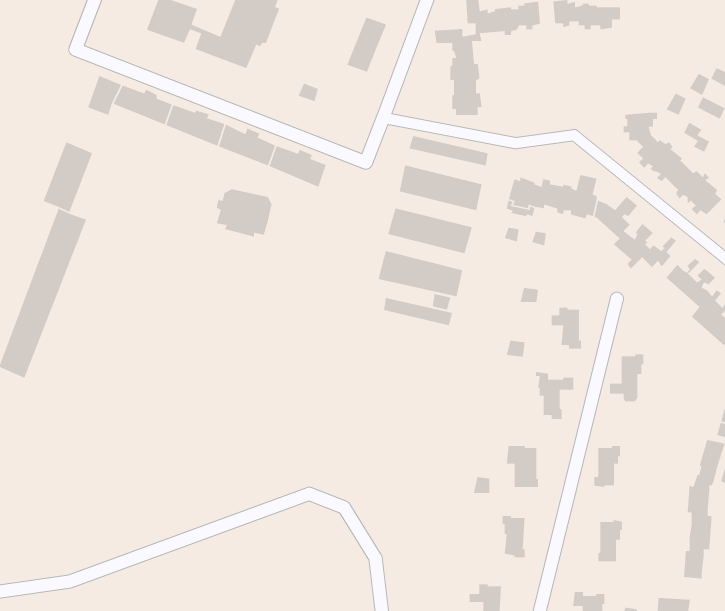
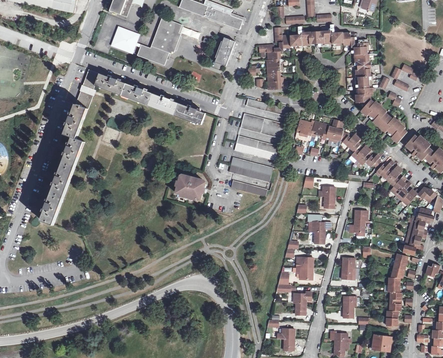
building: none -> [354,42,371,87]
building: [216,189,272,237] -> [173,174,202,199]

